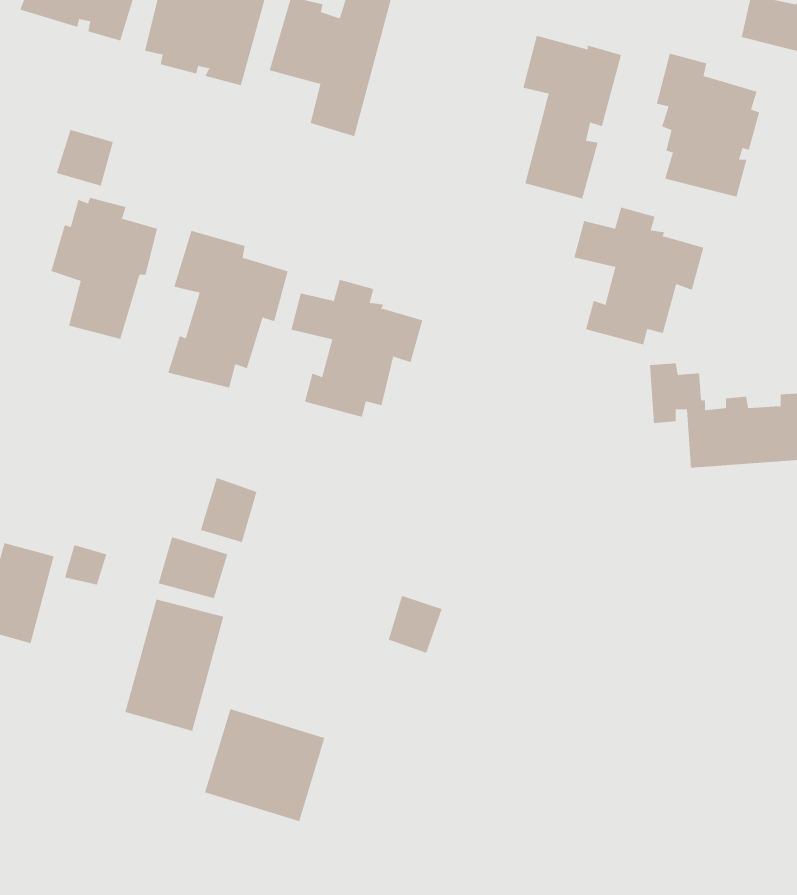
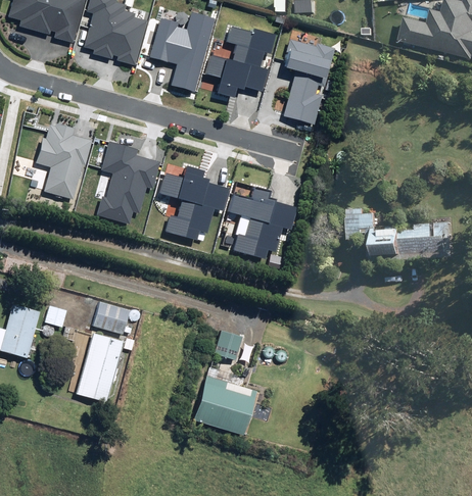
building: none -> [203,27,274,98]
building: [656,53,760,198] -> none
building: [56,129,113,187] -> none
building: [574,207,704,345] -> [228,186,296,258]
building: [200,477,257,543] -> none
building: [204,709,325,822] -> [191,378,254,437]

